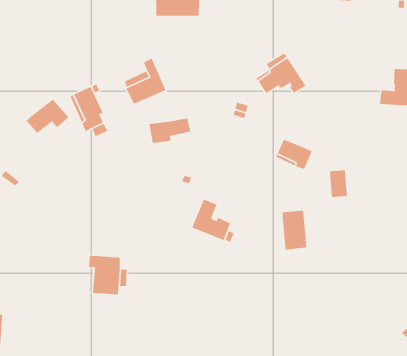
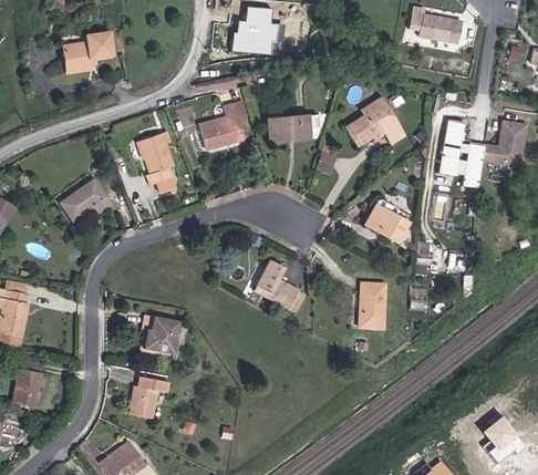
building: none -> [64,31,112,71]
building: none -> [445,117,479,174]
building: [25,99,69,134] -> [61,180,111,219]
building: [148,117,191,144] -> [268,117,315,144]
building: none -> [126,376,166,419]

